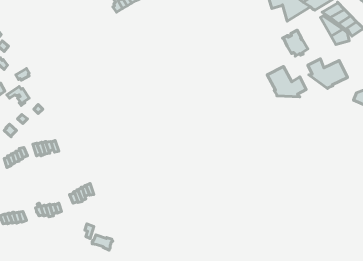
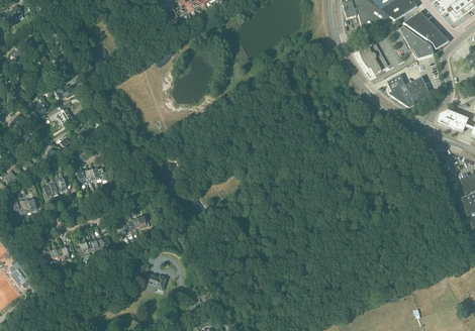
building: [267,66,306,97] -> none

